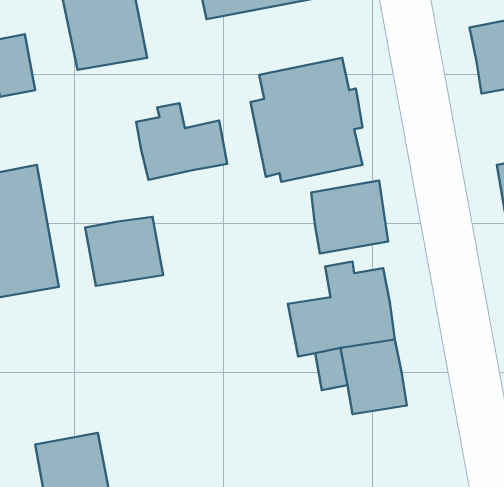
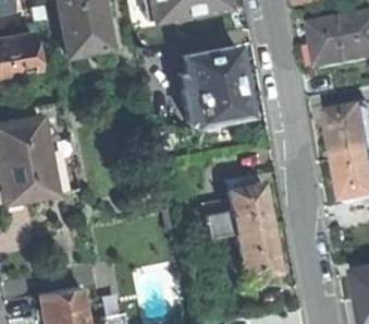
building: [136,103,227,180] -> none
building: [311,181,388,254] -> none
building: [85,217,163,286] -> none

